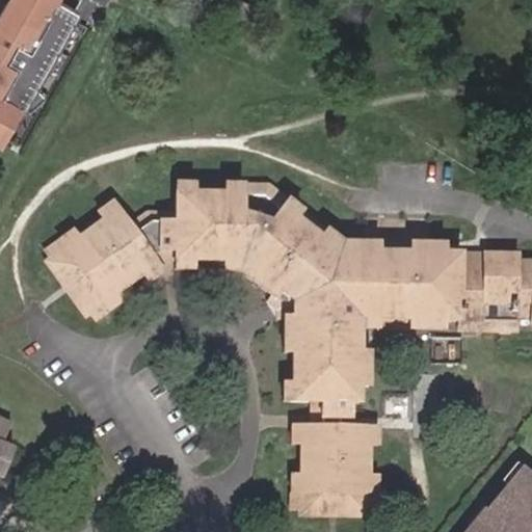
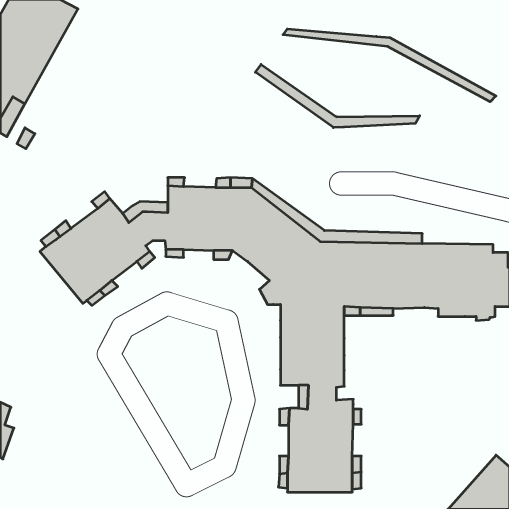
building: none -> [283,29,496,102]
building: none -> [255,64,420,128]

